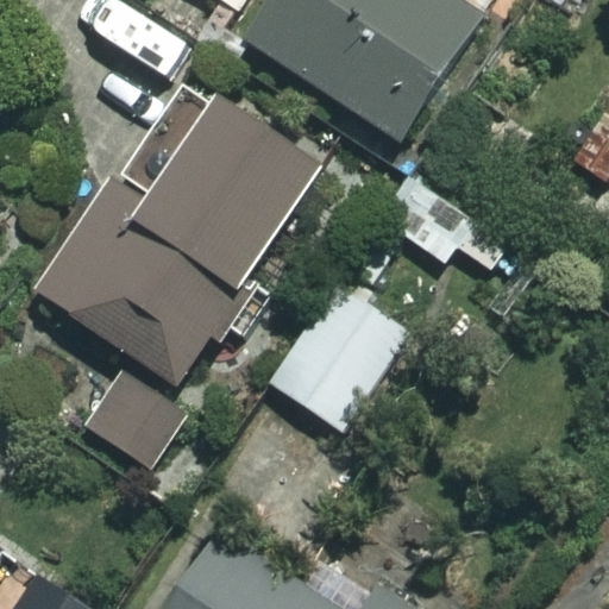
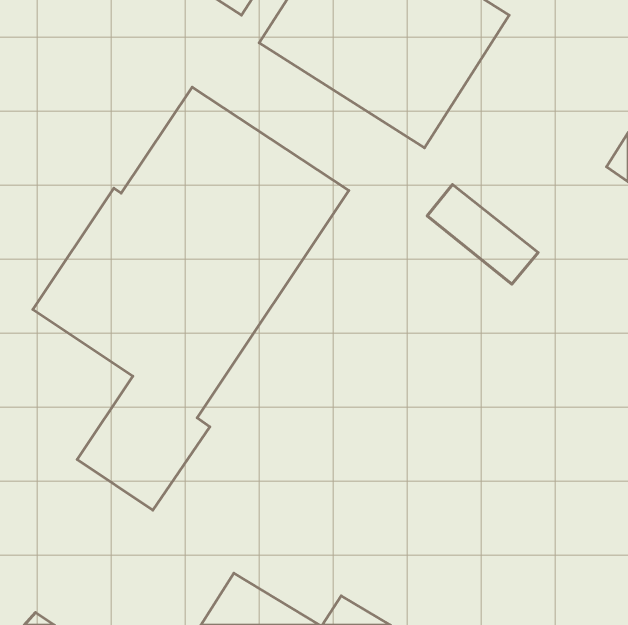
building: [271,282,407,429] -> none

